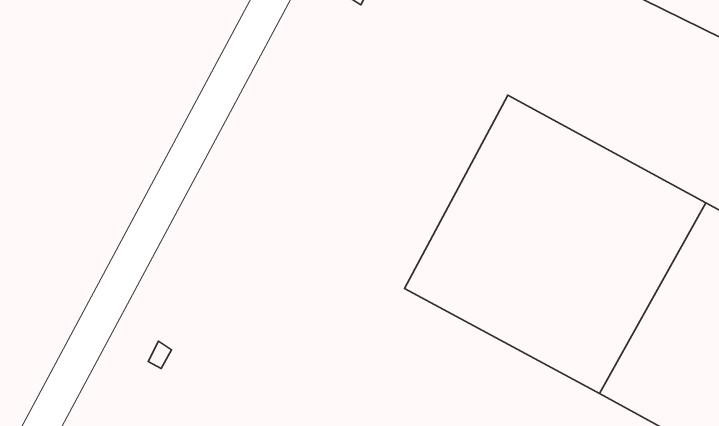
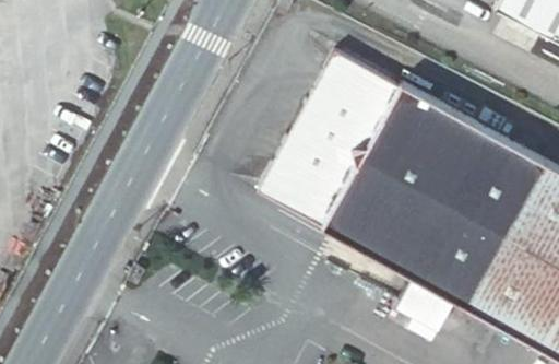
building: none -> [257,50,396,226]

